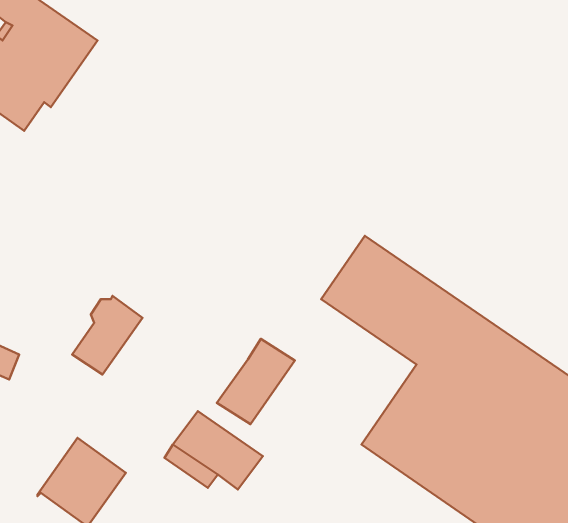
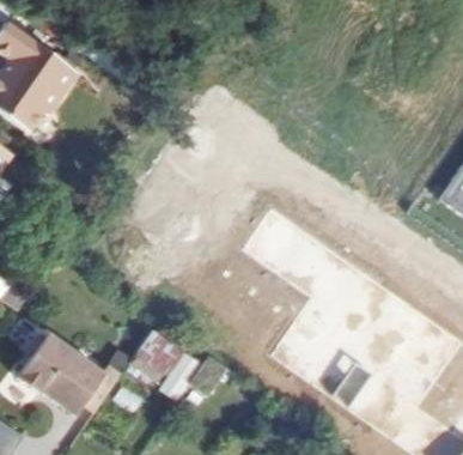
building: [72,296,142,374] -> [17,334,67,390]
building: [217,339,295,424] -> none

